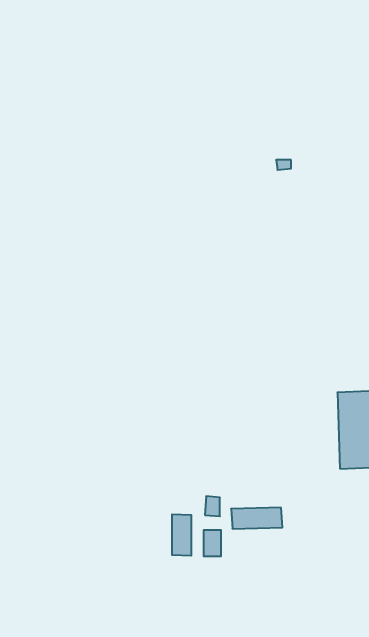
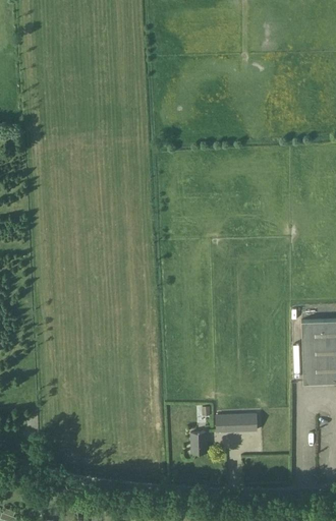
building: [172,514,191,556] -> none

